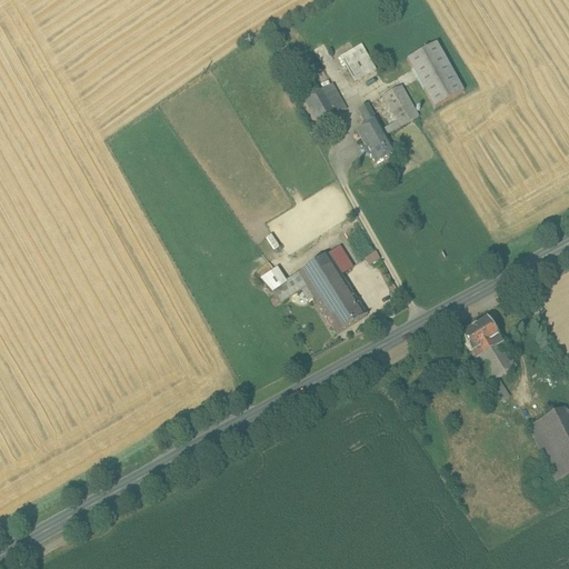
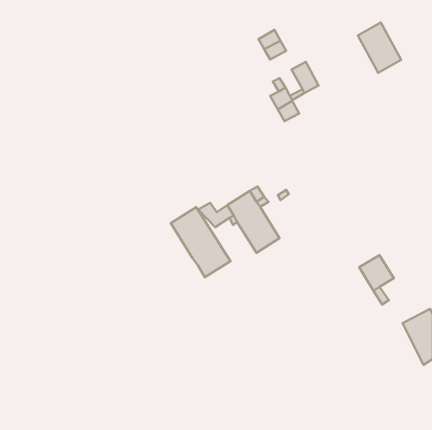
building: [407,39,463,104] -> [358,23,401,73]
building: [305,80,347,120] -> none
building: none -> [171,207,230,277]
building: [461,316,499,350] -> none

